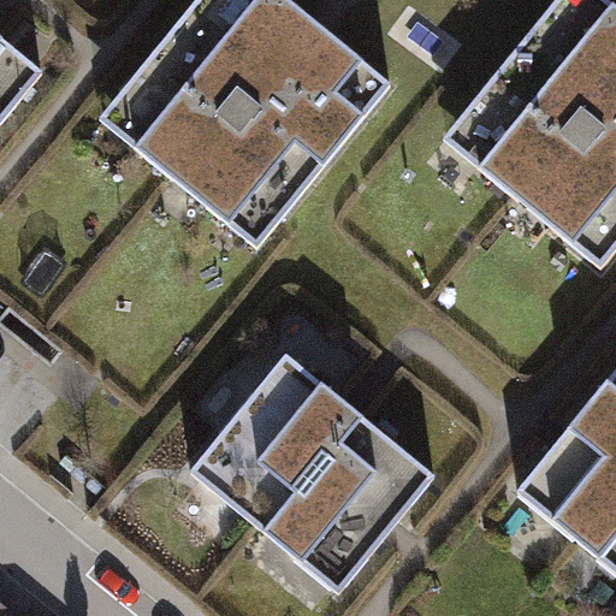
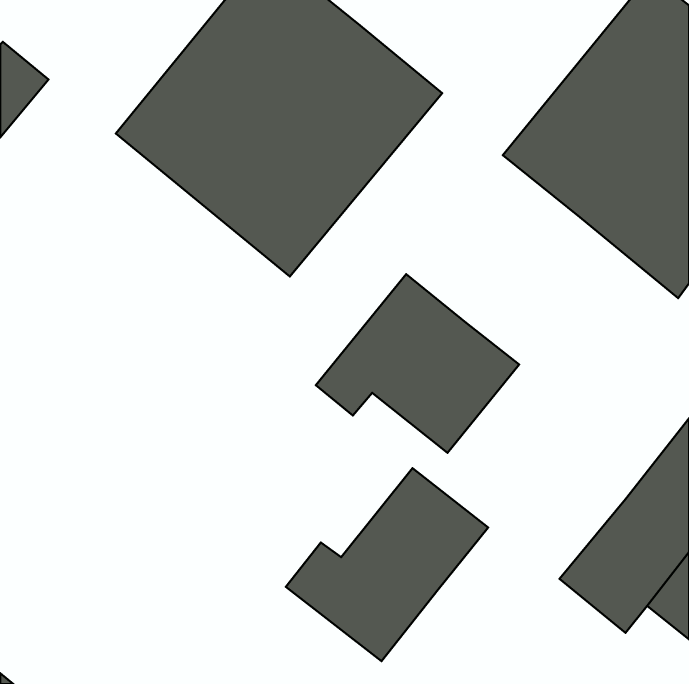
building: none -> [316,274,519,453]
building: [194,355,368,523] -> none

